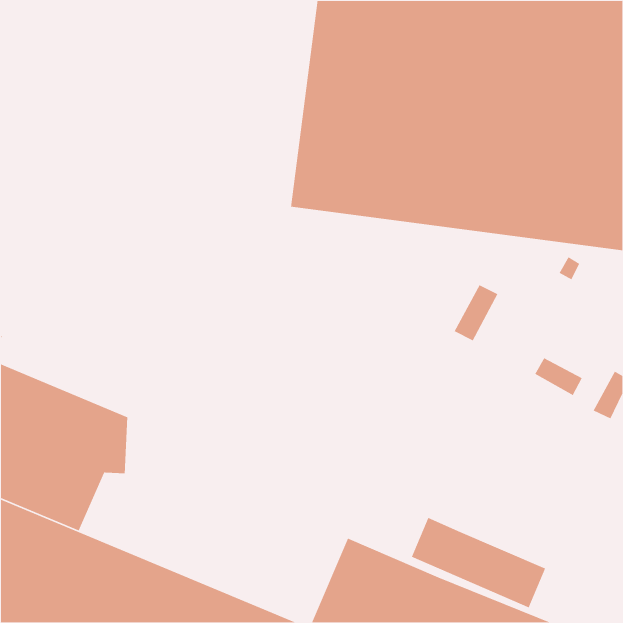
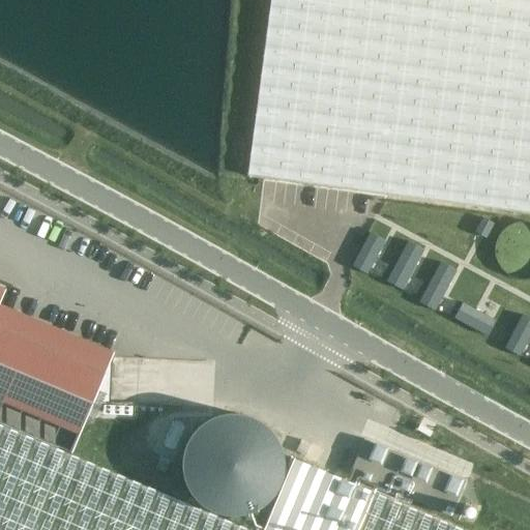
building: none -> [351,233,384,274]
building: none -> [418,262,455,311]
building: none -> [190,410,288,507]

